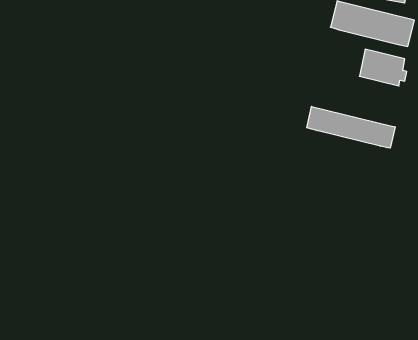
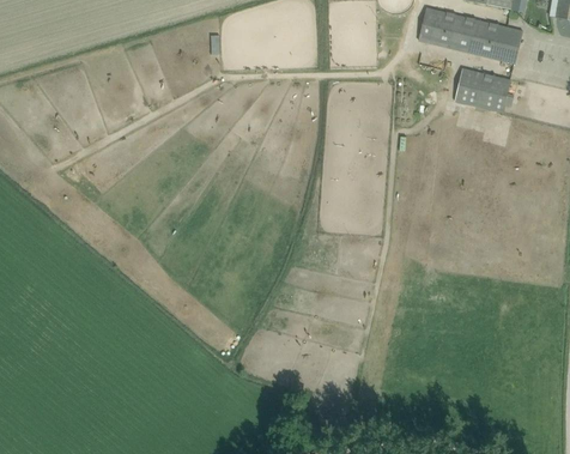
building: [307,106,395,148] -> none

